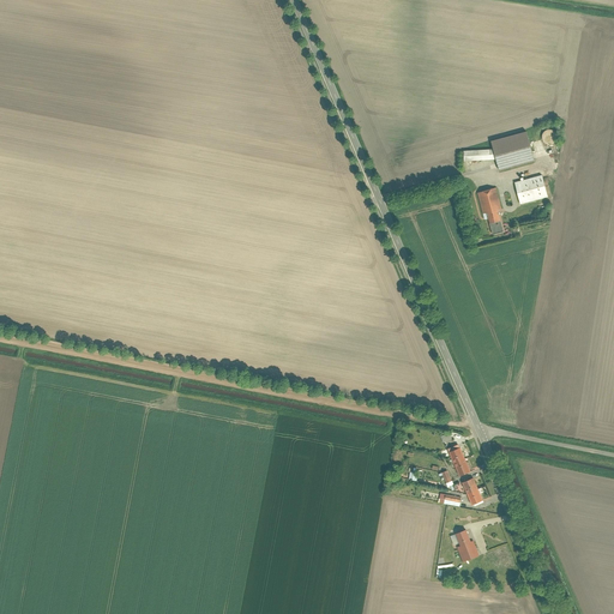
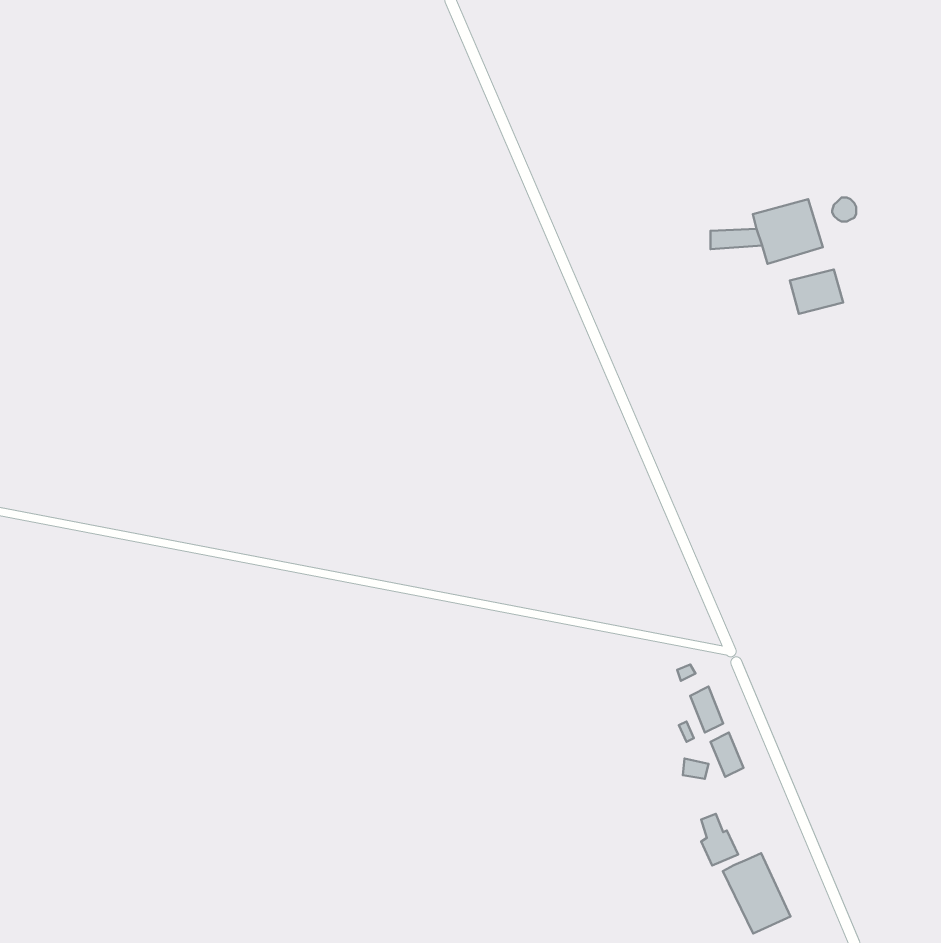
building: [475,187,505,233] -> none
building: none -> [723,853,791,933]

